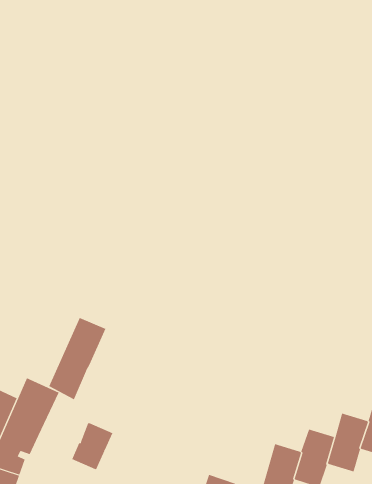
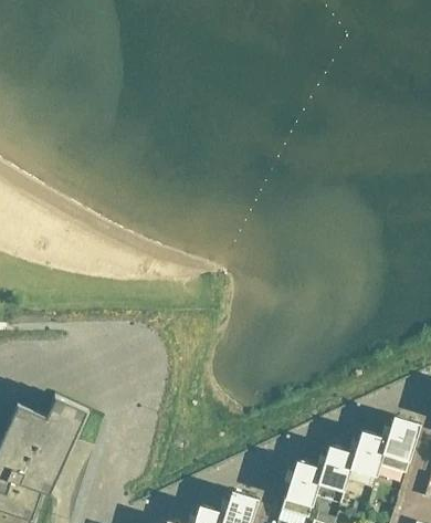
building: [49,317,106,400] -> none
building: [71,422,113,471] -> none

